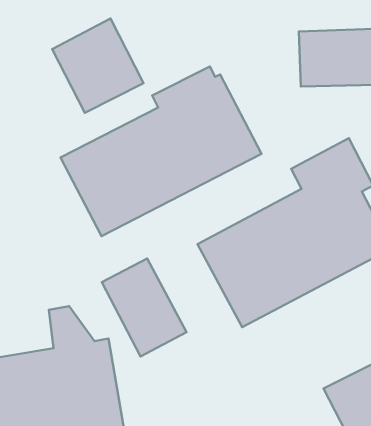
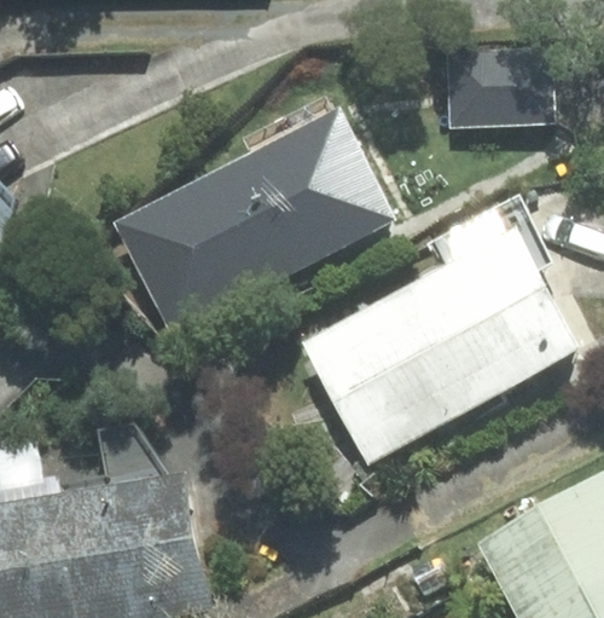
building: [52,18,144,113] -> none
building: [102,258,187,356] -> none

